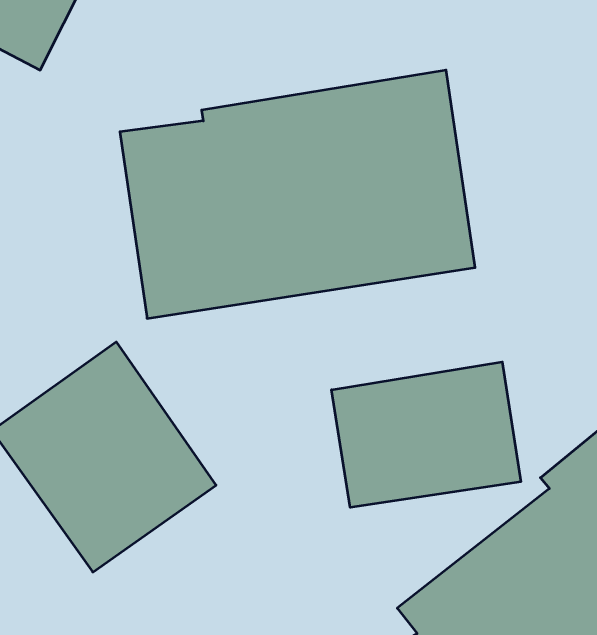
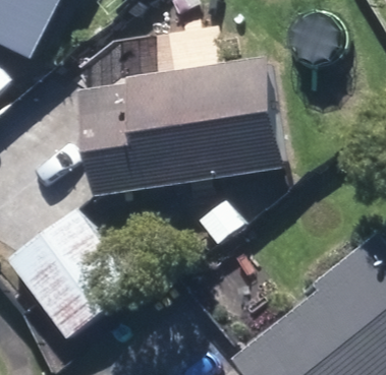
building: [332,362,521,507] -> none

